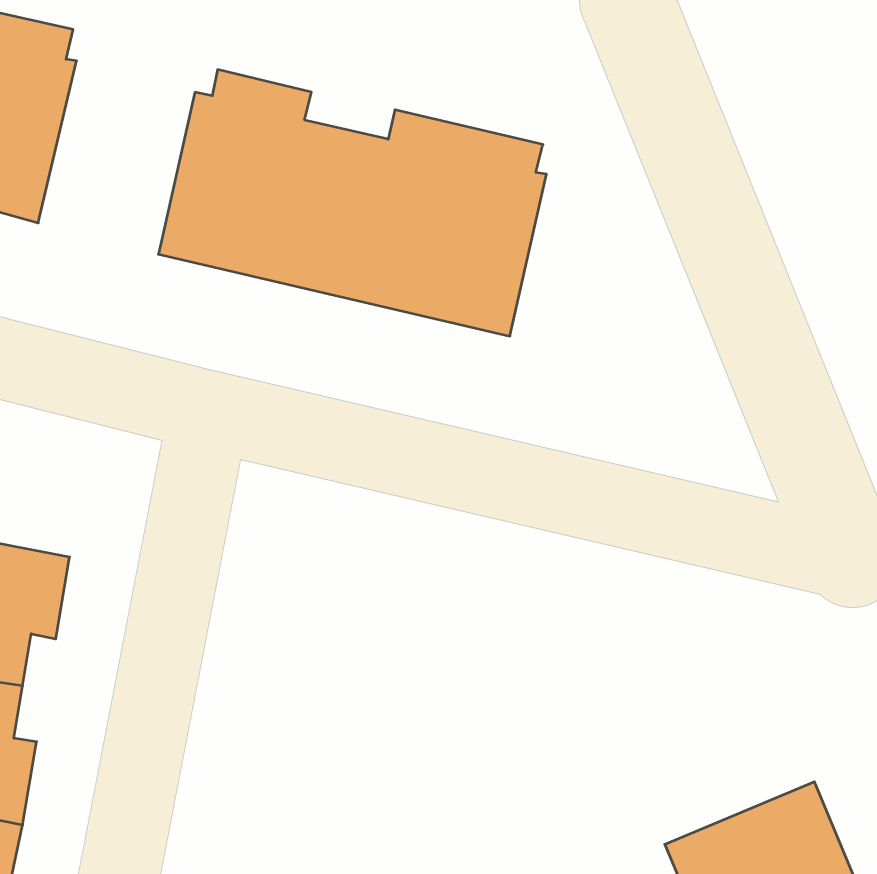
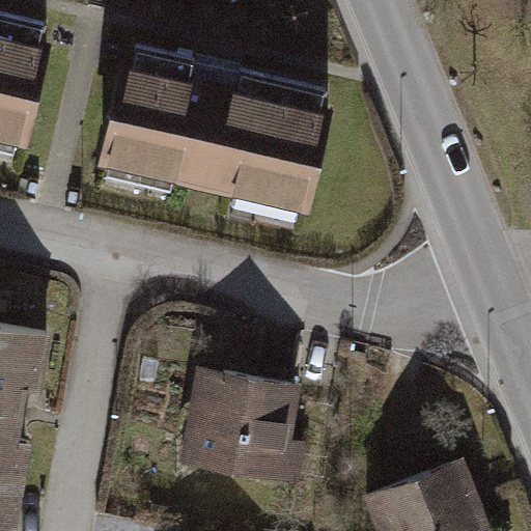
building: none -> [183,371,291,480]

